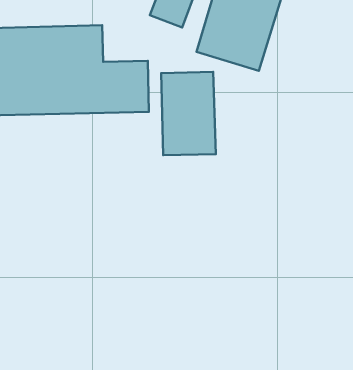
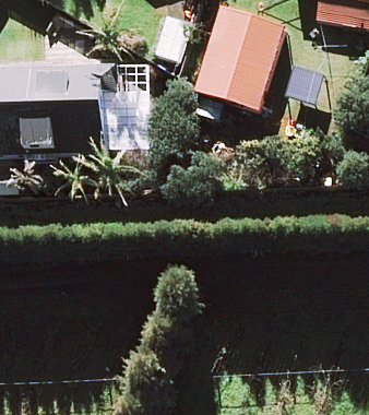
building: [161,72,216,155] -> none

